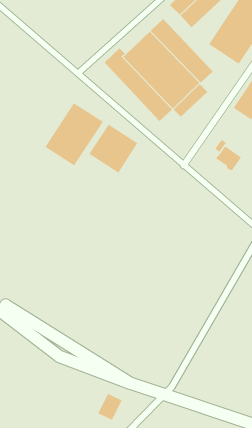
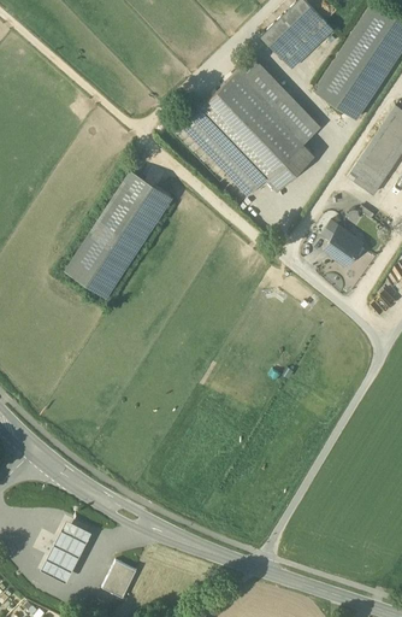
building: [89,124,138,173] -> [65,231,132,299]
building: none -> [40,519,93,583]
building: [98,393,122,421] -> [102,562,136,599]

